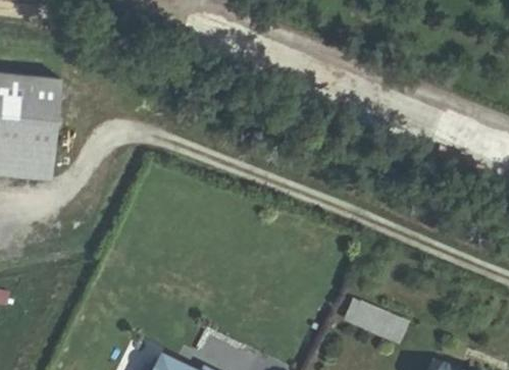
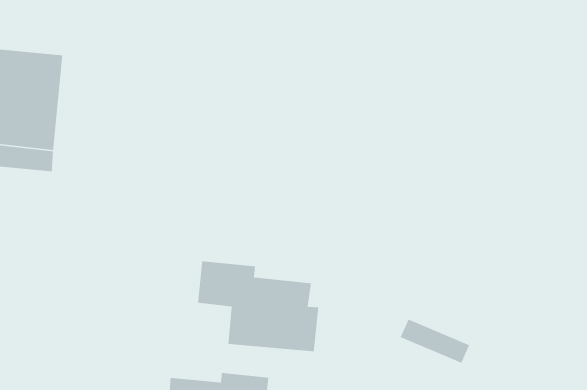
building: none -> [197,260,319,352]

